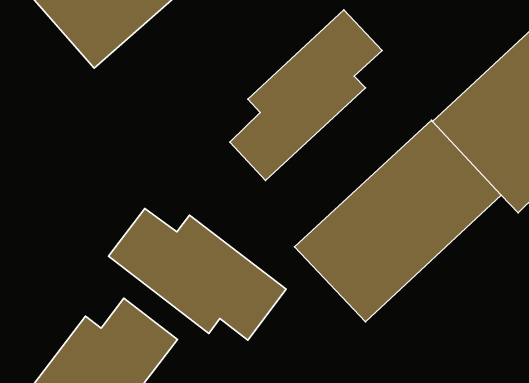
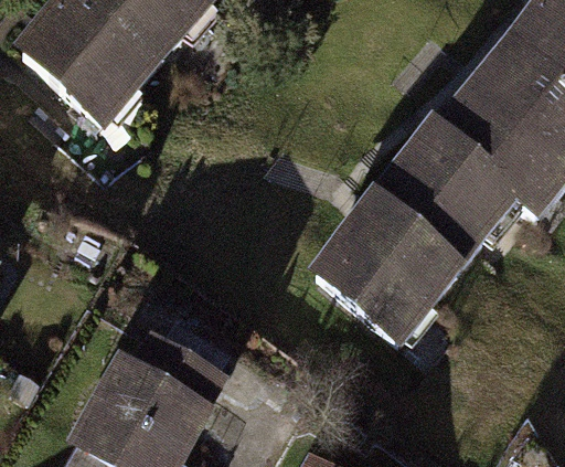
building: [230,10,382,181] -> none
building: [108,208,286,340] -> none

